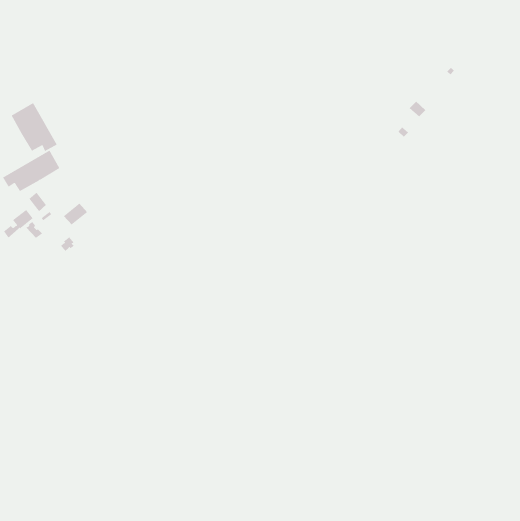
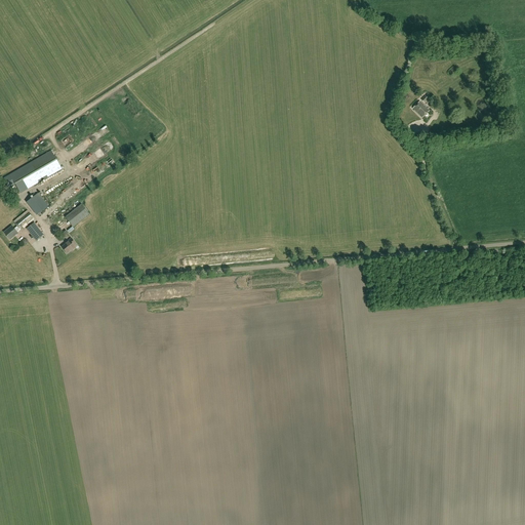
building: [11,102,58,152] -> none

